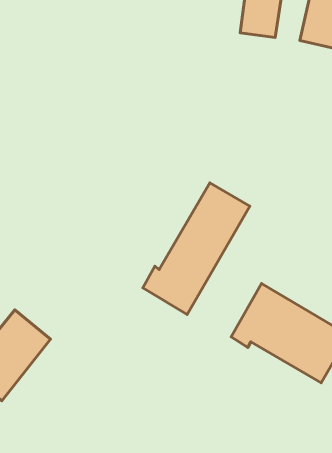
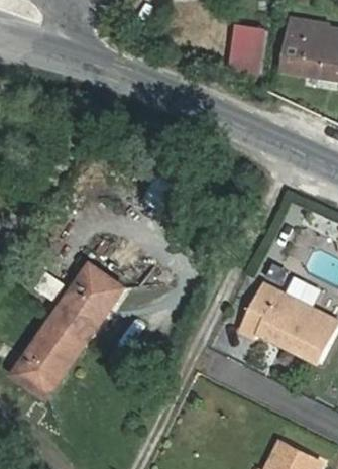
building: [143,183,250,314] -> none
building: none -> [51,263,123,341]

